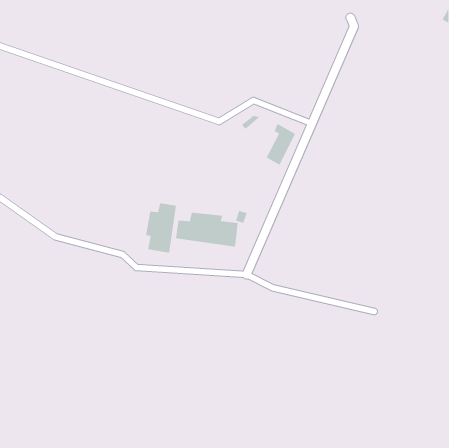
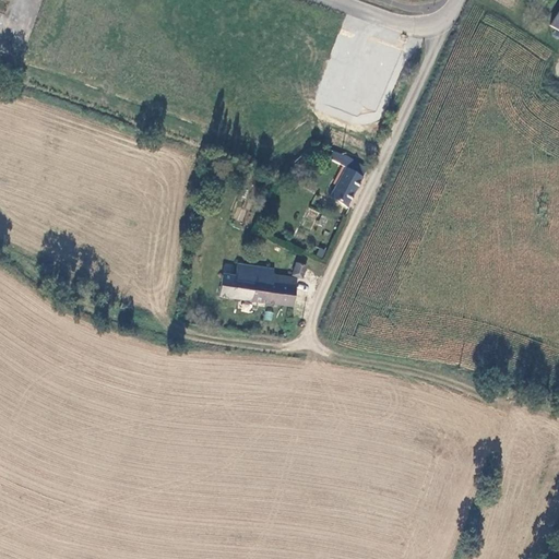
building: [145,203,177,254] -> none

